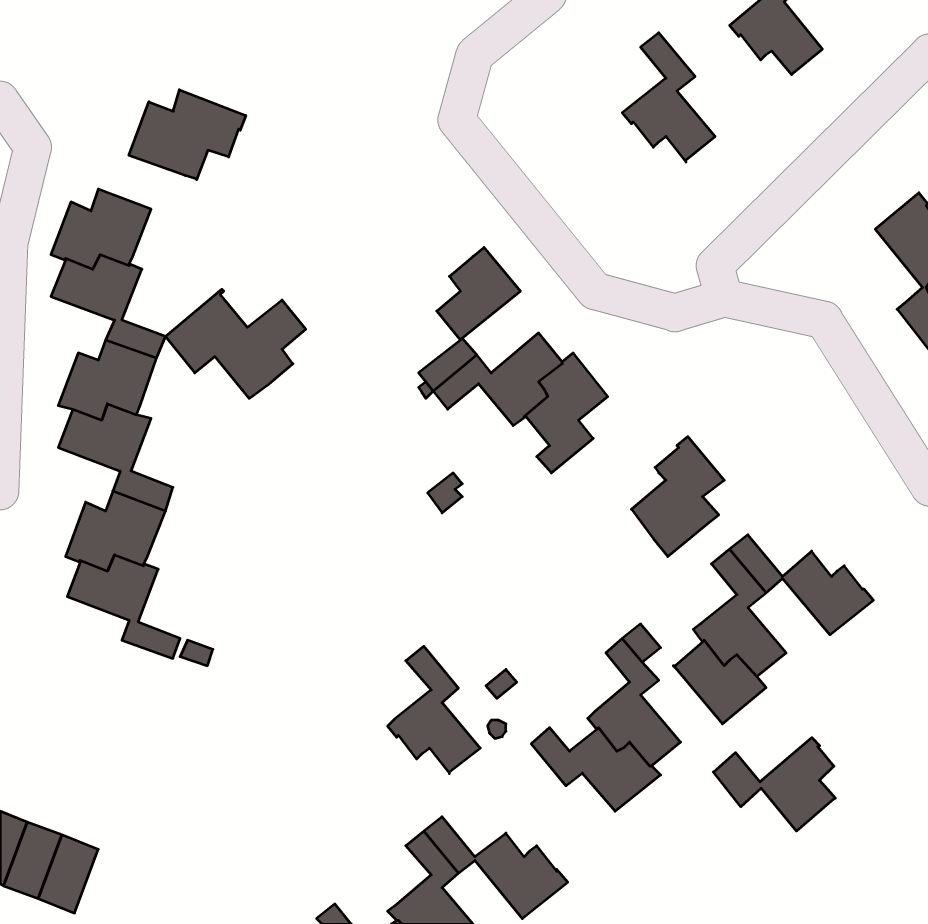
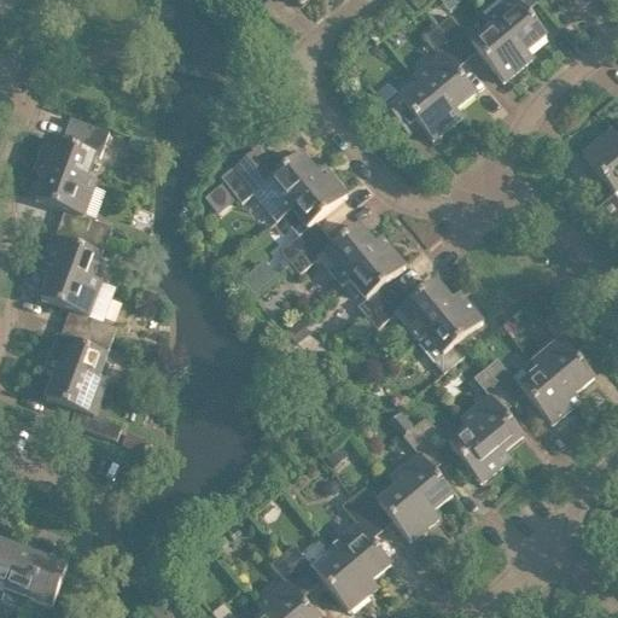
building: none -> [438,12,534,80]
building: [129,90,246,180] -> none
building: none -> [383,81,462,139]
building: [166,289,306,398] -> [222,144,315,216]
building: none -> [367,276,451,338]
building: none -> [532,307,594,391]
building: [388,646,480,774] -> [330,494,391,578]
building: [713,738,835,831] -> none

